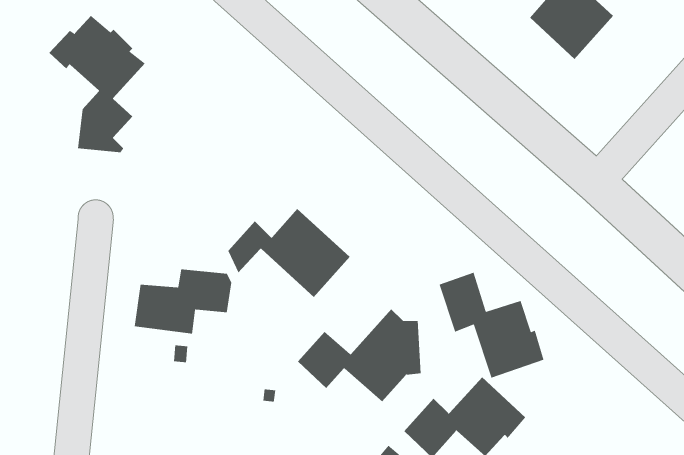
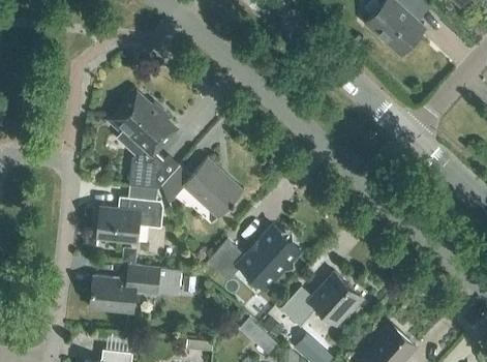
building: [48,15,145,153] -> [109,94,175,188]
building: [439,272,544,378] -> none
building: none -> [89,265,181,313]

